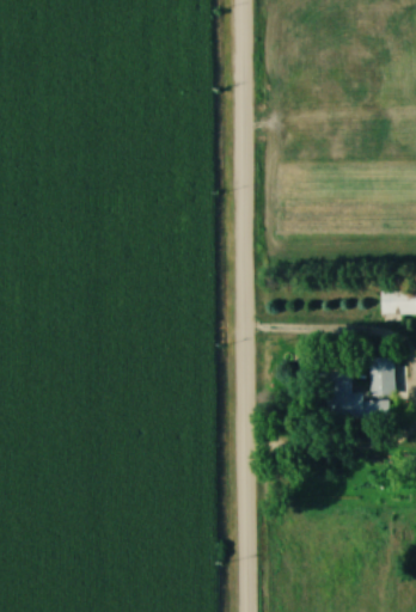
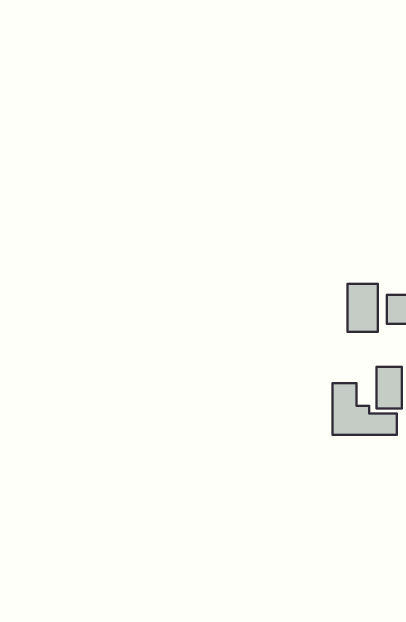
building: none -> [348,284,378,332]

